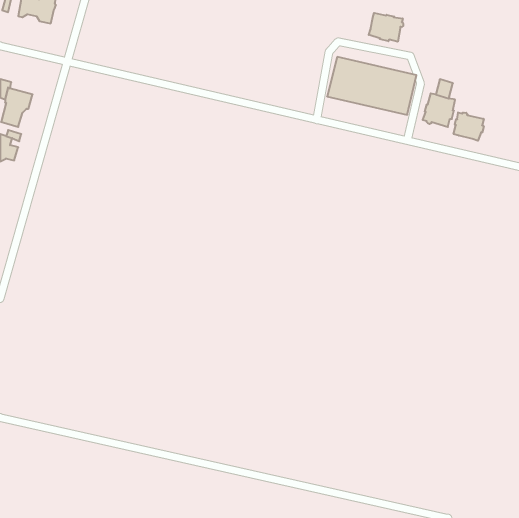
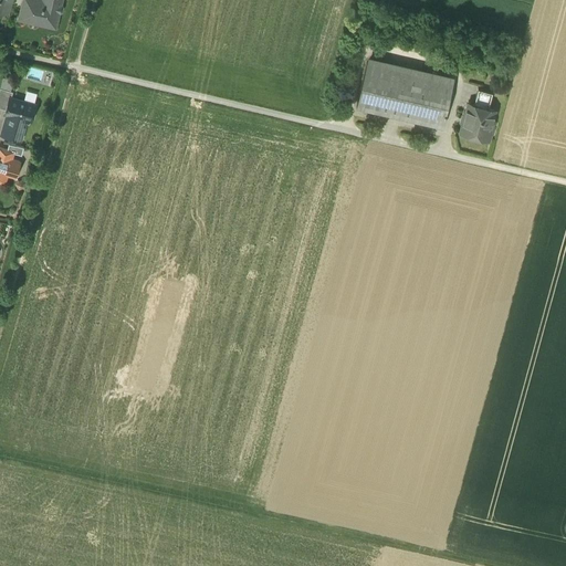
building: [369,13,403,42] -> none
building: [454,112,484,141] -> none

